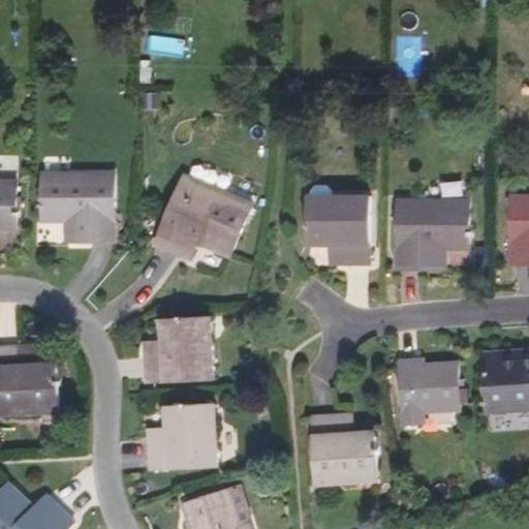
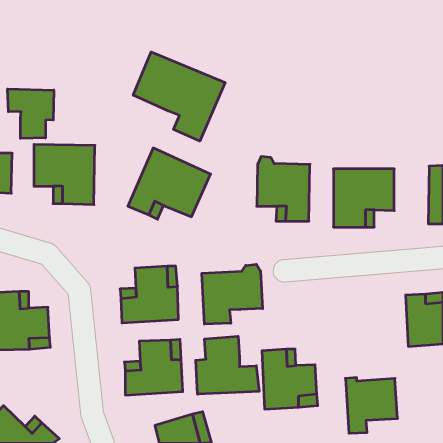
building: none -> [133,52,225,141]
building: none -> [8,89,54,138]
building: none -> [202,264,263,324]
building: [395,359,457,425] -> [345,378,398,433]
building: none -> [196,336,259,394]

